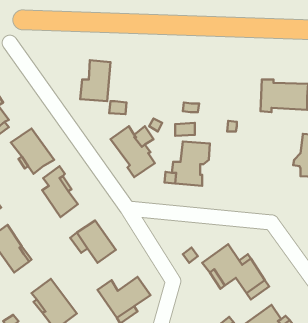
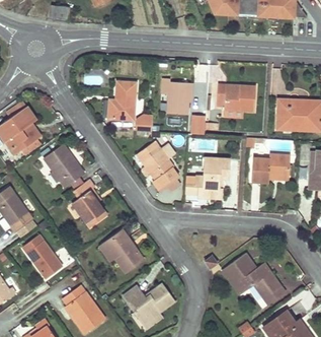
building: none -> [160,76,189,114]
building: none -> [217,83,254,112]
building: none -> [250,153,289,183]

